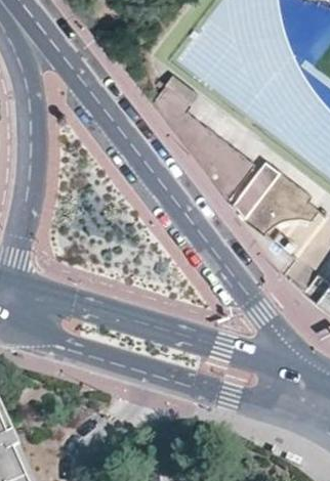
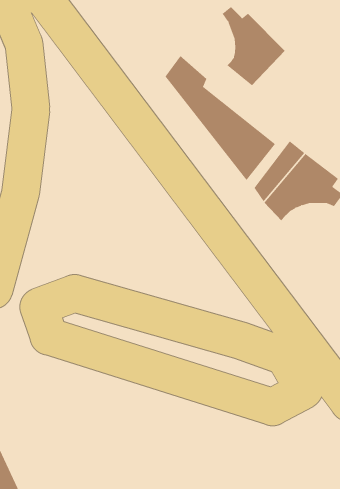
building: none -> [222,6,286,86]

